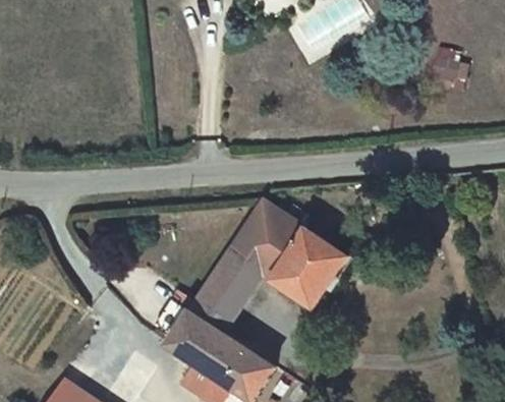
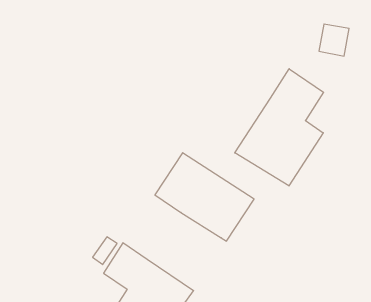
building: none -> [235,69,324,186]
building: [190,250,261,329] -> none

